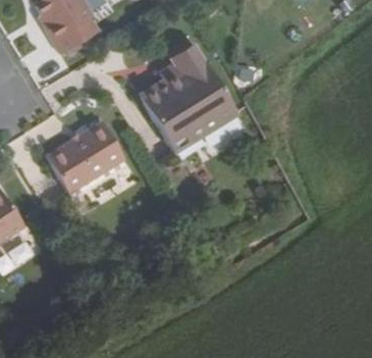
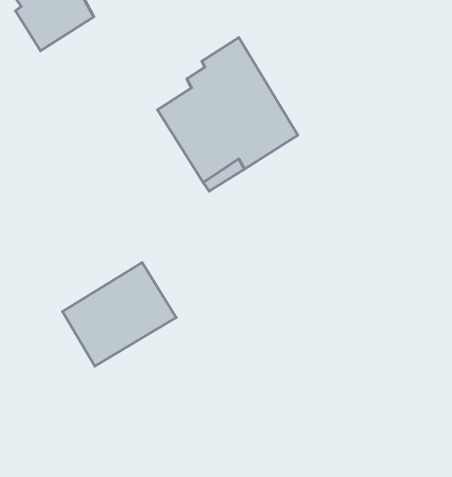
building: [45,121,123,193] -> [62,263,176,366]

